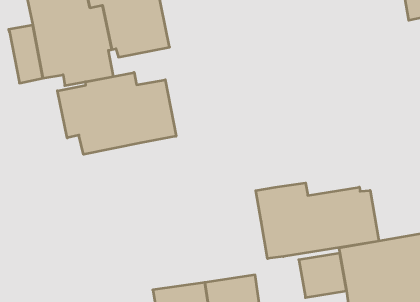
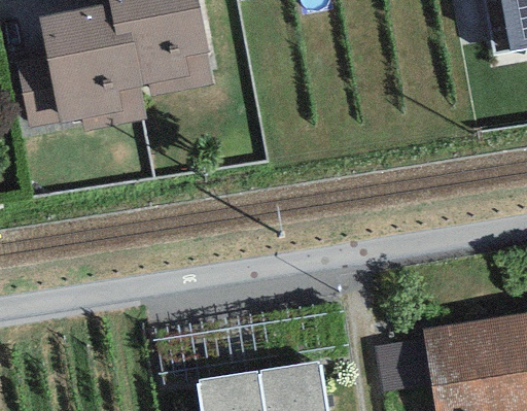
building: [57,72,176,154] -> none
building: [256,183,379,259] -> none

